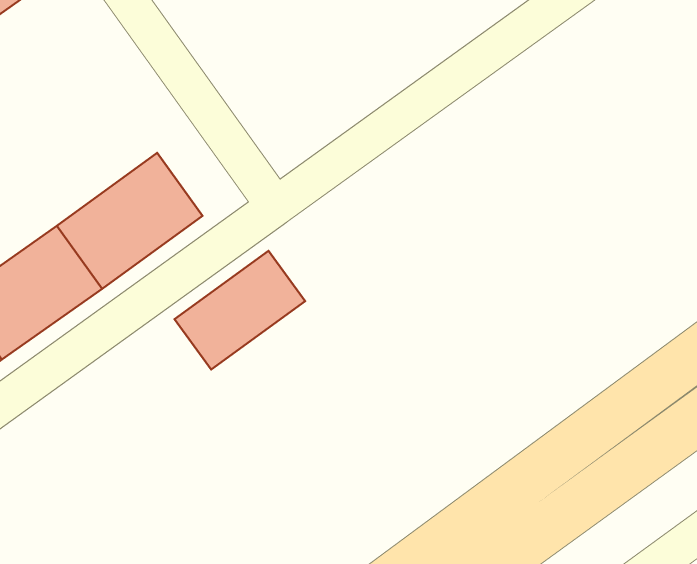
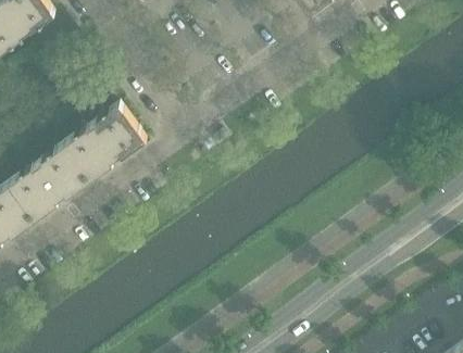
building: [174,251,305,369] -> none

